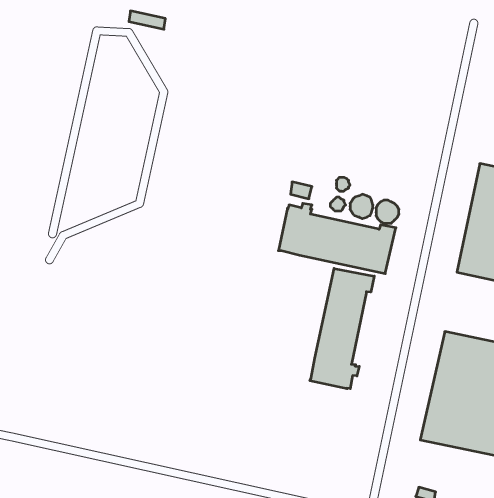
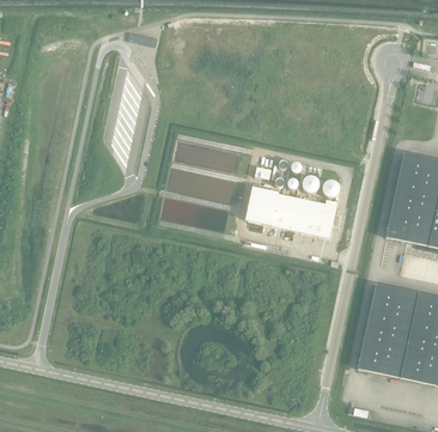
building: [310,268,374,389] -> none

